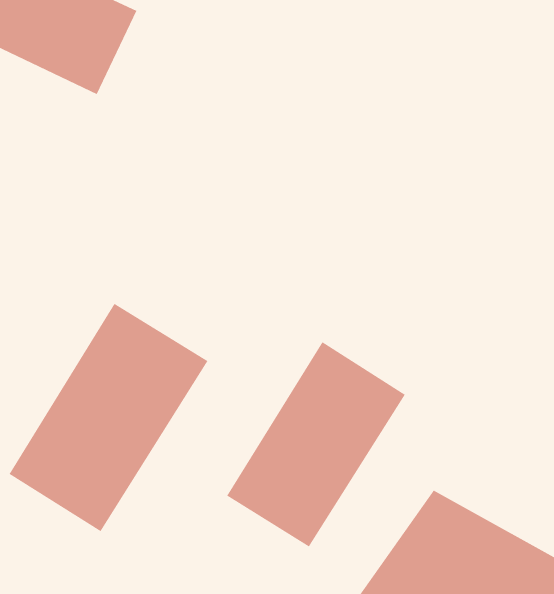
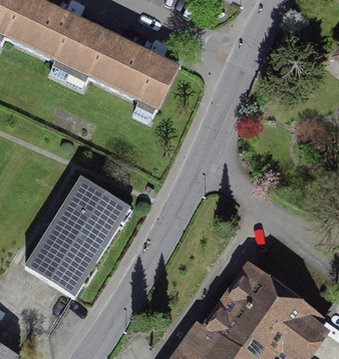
building: none -> [70,24,177,108]
building: [226,341,406,548] -> none

